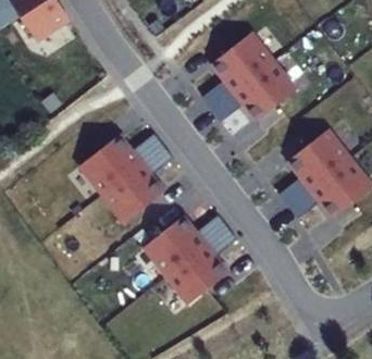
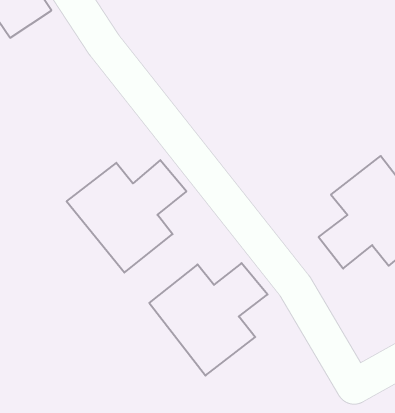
building: [203,33,297,122] -> none

